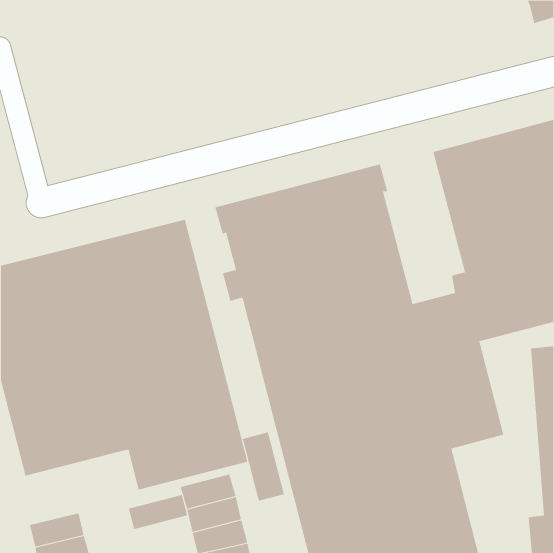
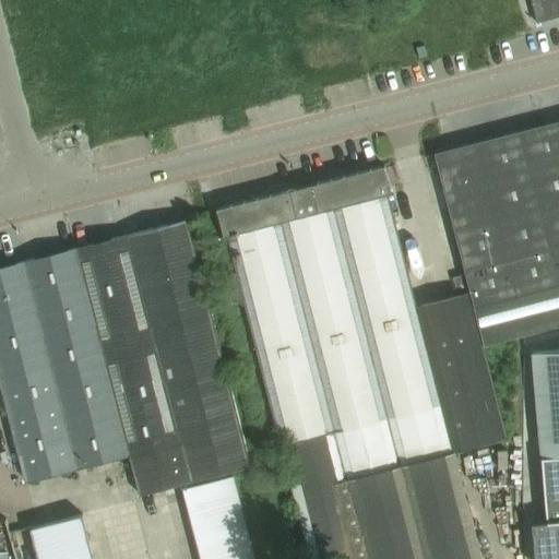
building: [242,432,284,501] -> none
building: [128,494,188,530] -> none

